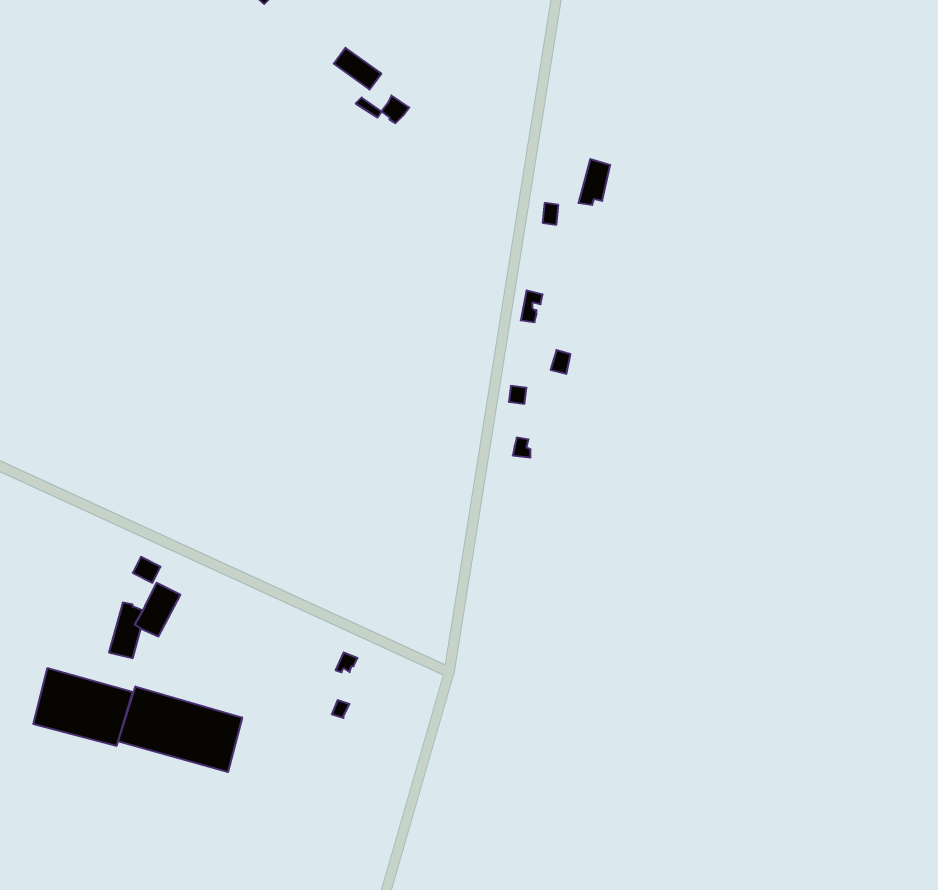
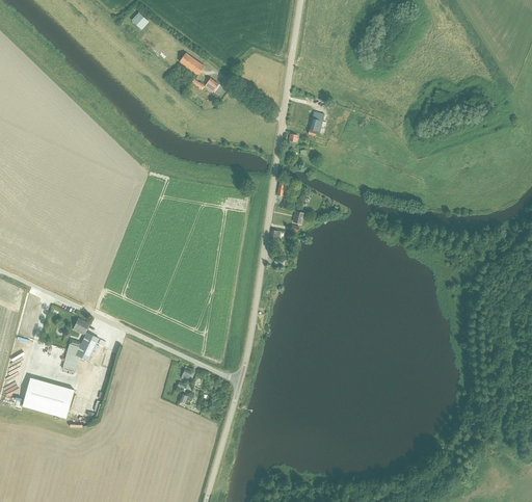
building: [118,686,242,772] -> none

